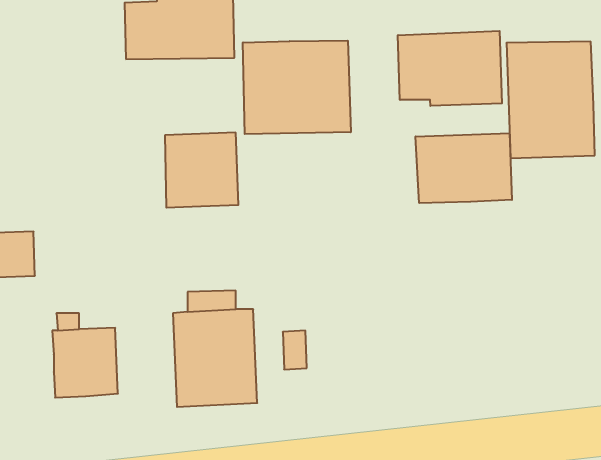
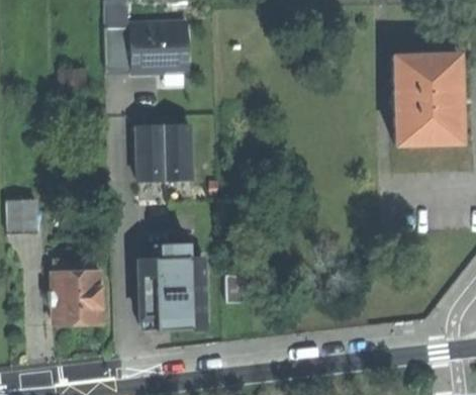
building: [398,31,502,106] -> none
building: [243,41,351,134] -> none
building: [416,133,512,203] -> none

